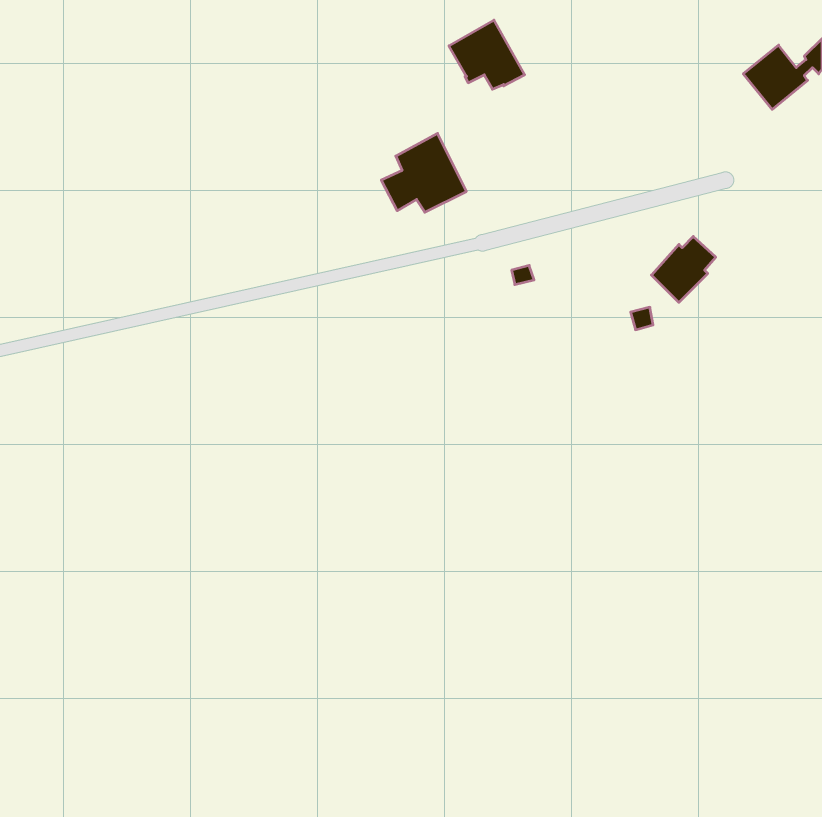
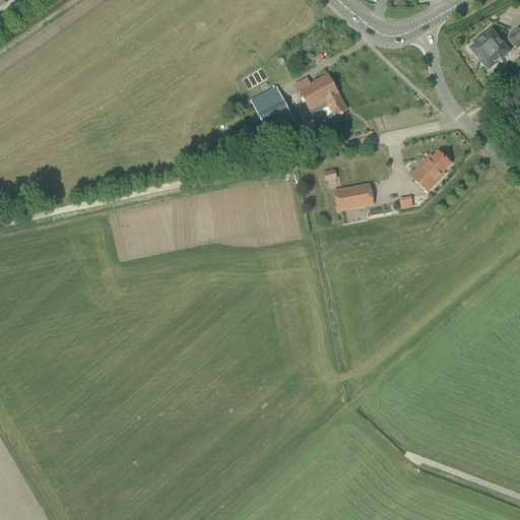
building: [449,20,525,89] -> [300,73,347,117]
building: none -> [335,183,373,209]

